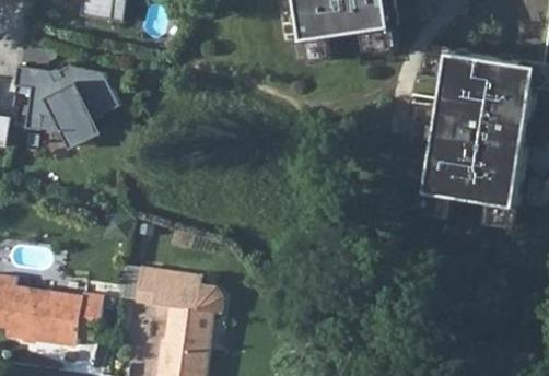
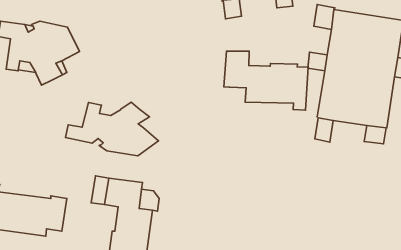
building: none -> [224,51,308,110]
building: none -> [65,102,159,156]

